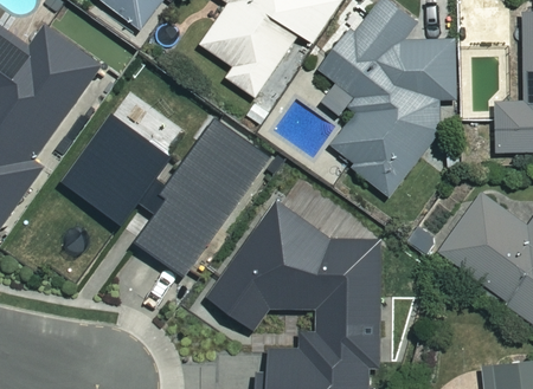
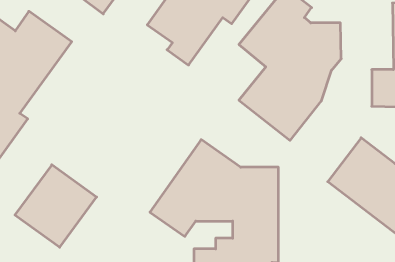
building: [65,116,173,225] -> [15,165,97,247]
building: [134,121,270,277] -> none

